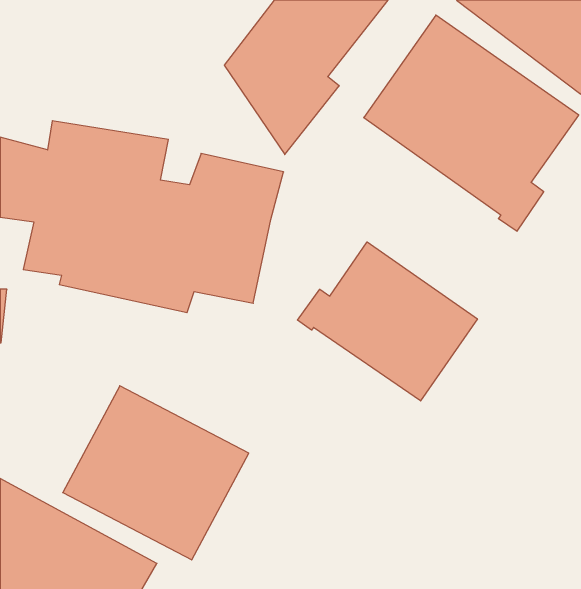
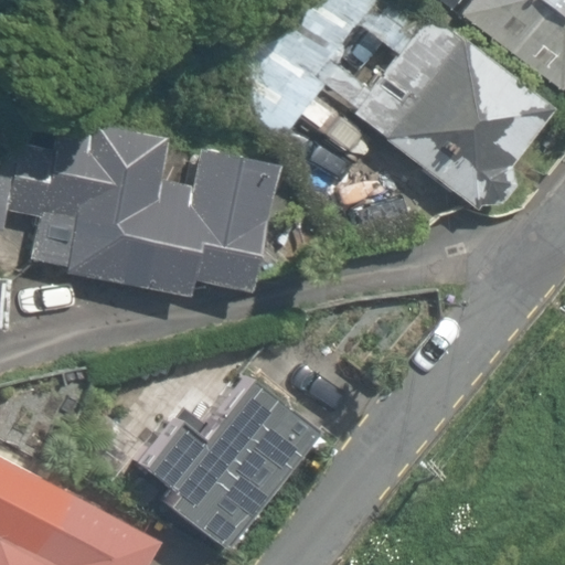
building: [297,242,477,401] -> none

